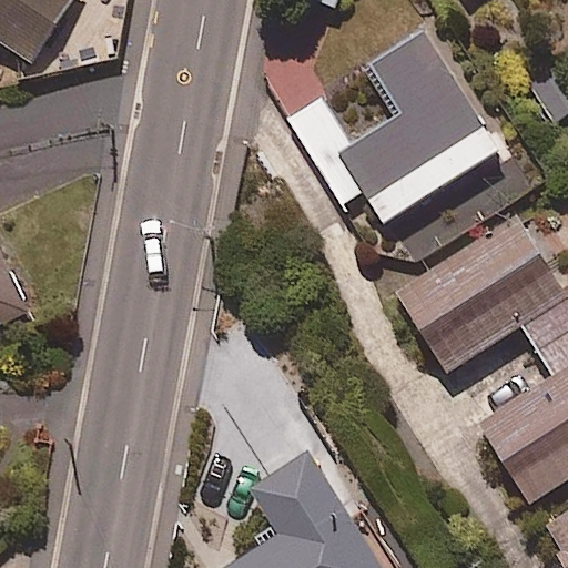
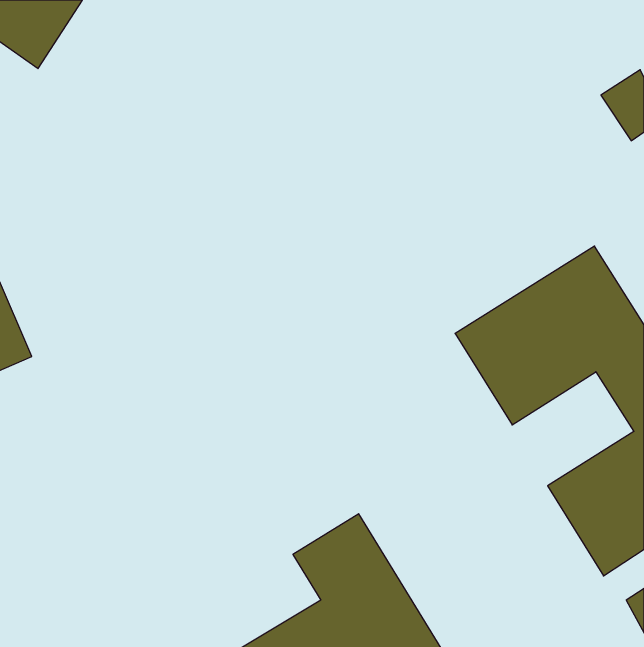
building: [288,31,500,222] -> none

